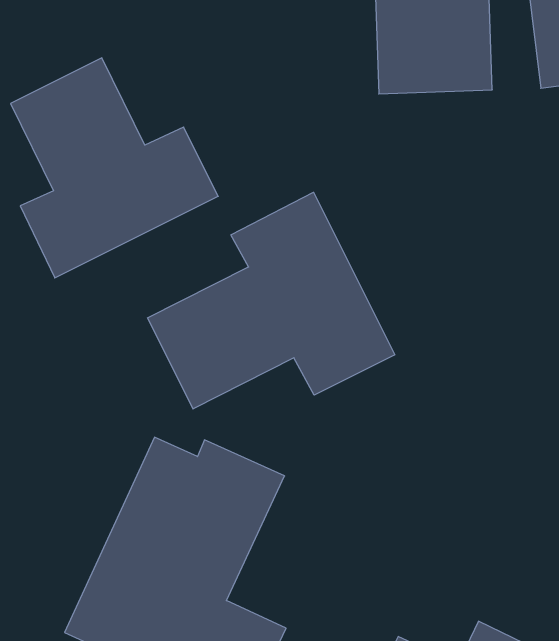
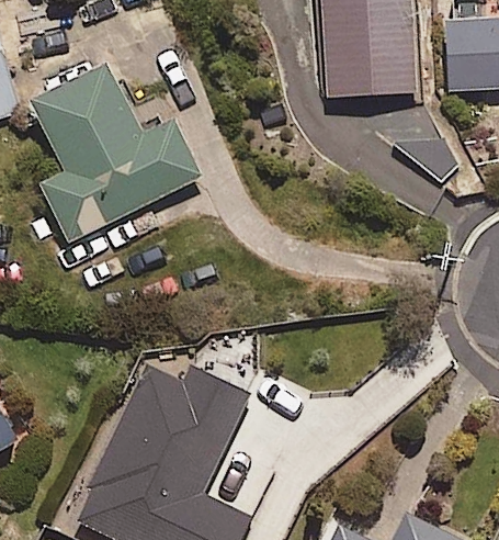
building: [148,192,395,409] -> none

